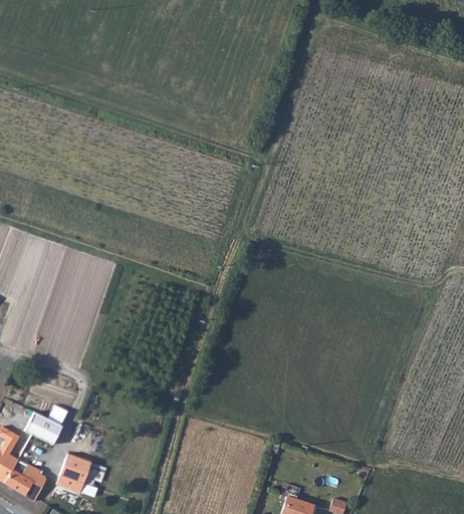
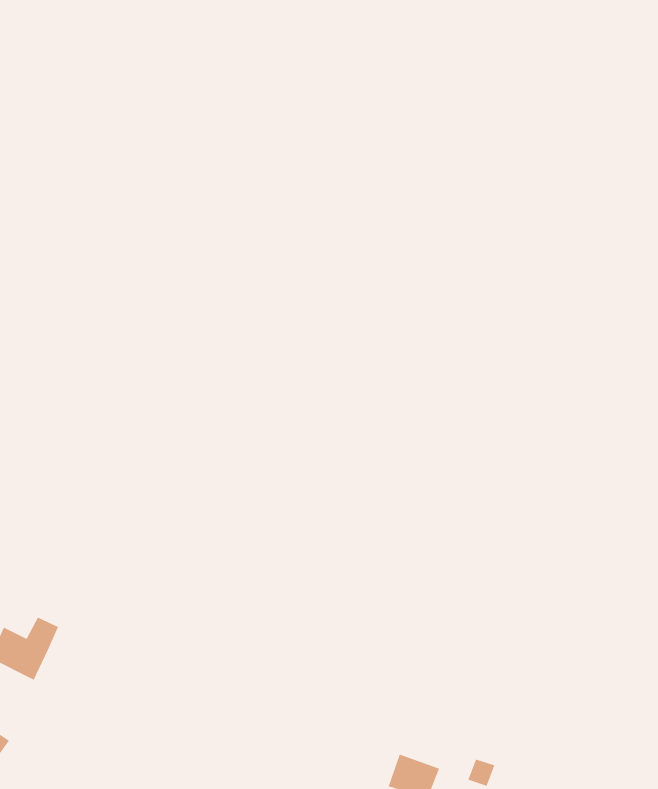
building: [59,456,90,486] -> none

